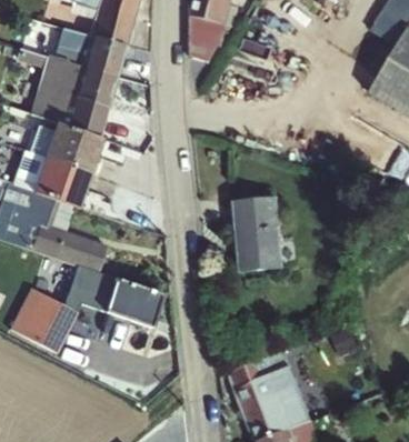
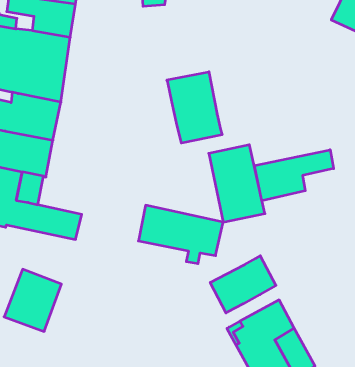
building: none -> [167,72,222,143]
building: none -> [255,150,334,201]
building: [78,269,161,331] -> [138,205,223,264]
building: none -> [210,256,276,313]

